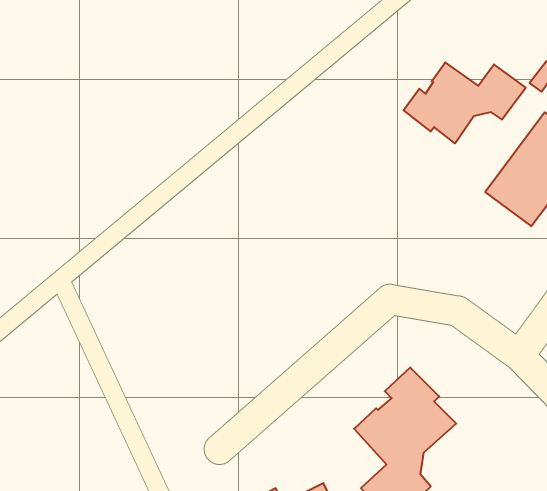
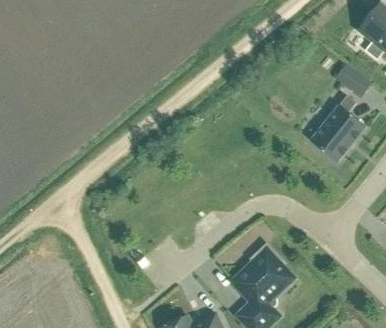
building: [404,62,526,143] -> none

